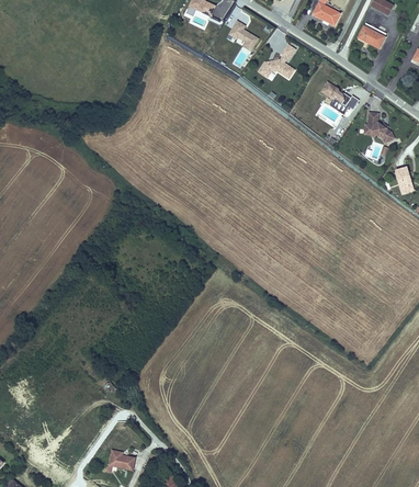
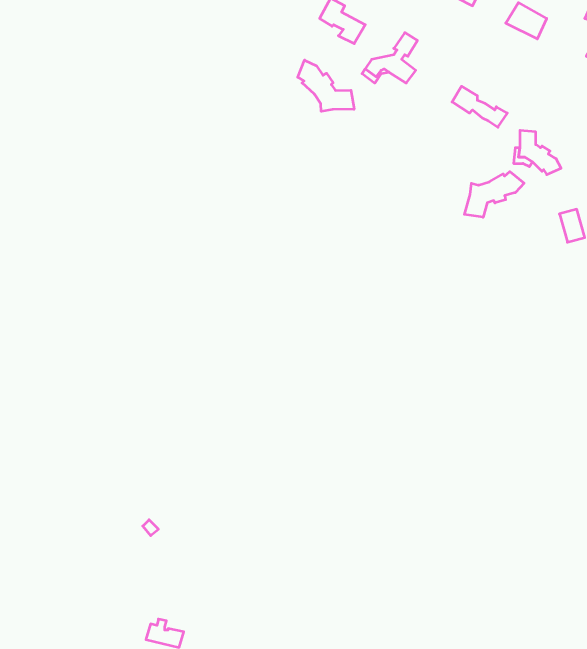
building: none -> [298,60,354,111]
building: none -> [464,172,524,217]

